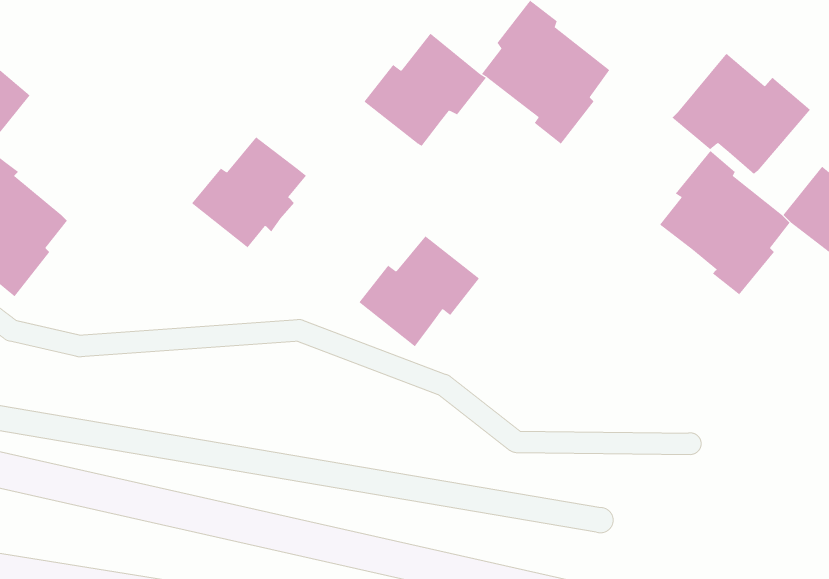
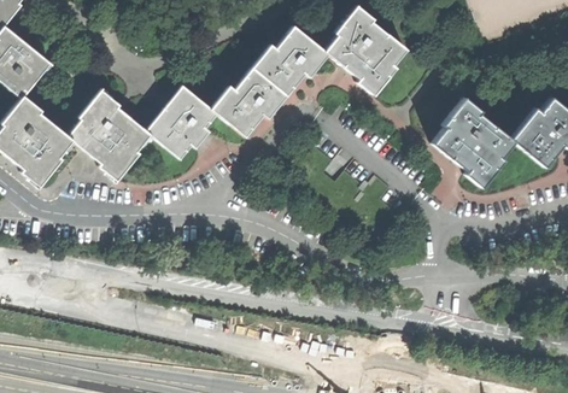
building: [672,53,811,175] -> none
building: none -> [68,90,148,181]
building: [358,236,480,347] -> [212,66,287,135]

